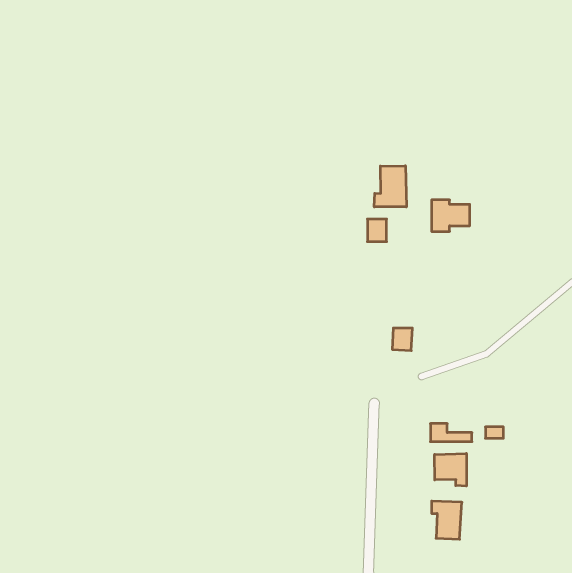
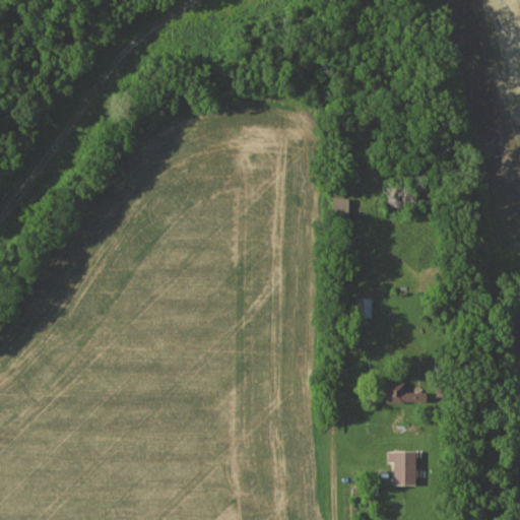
building: [374,166,406,207] -> none
building: [435,453,466,486] -> none

